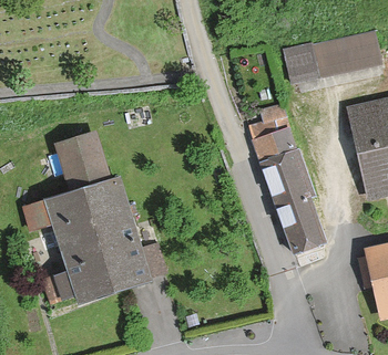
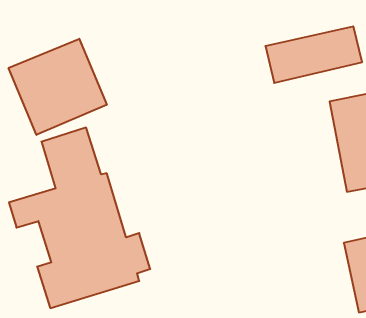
building: none -> [9,39,107,135]
building: [246,102,328,255] -> none

